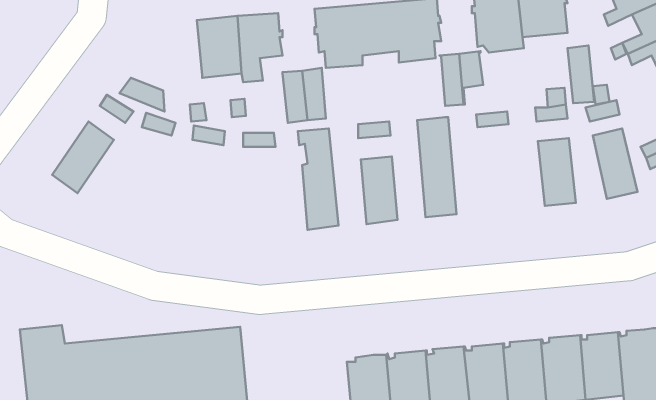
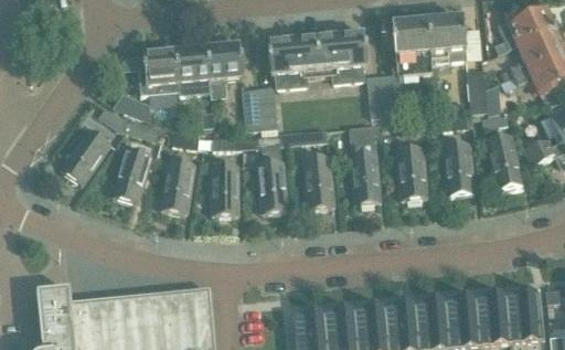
building: none -> [138,46,180,93]
building: none -> [114,145,151,201]
building: none -> [397,145,426,197]
building: none -> [162,157,194,211]
building: none -> [213,161,237,212]

